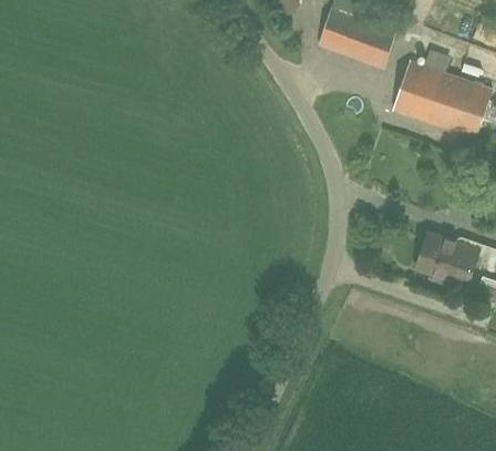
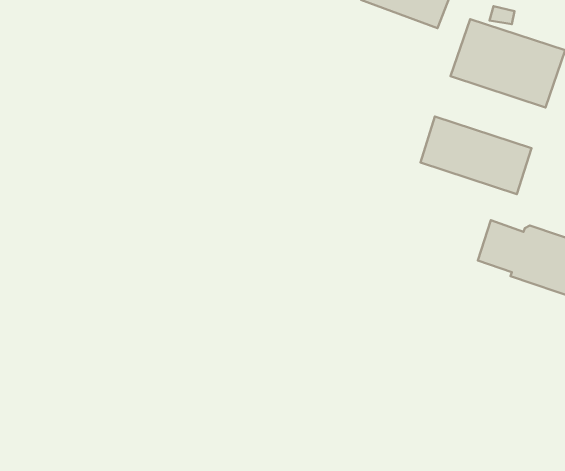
building: none -> [420,116,531,194]

